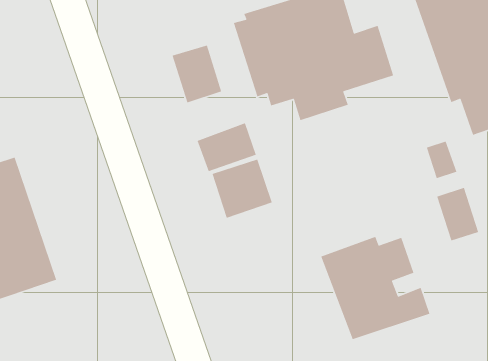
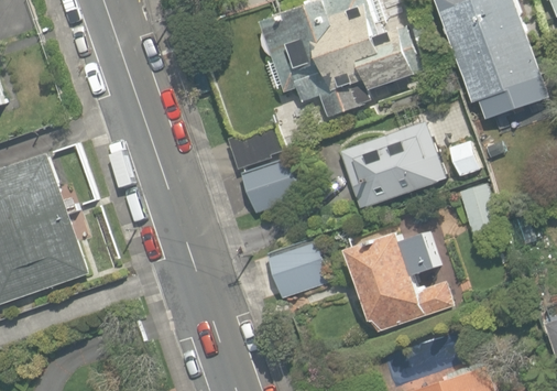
building: [171,44,222,103] -> none
building: none -> [340,121,444,208]
building: none -> [267,239,328,298]

